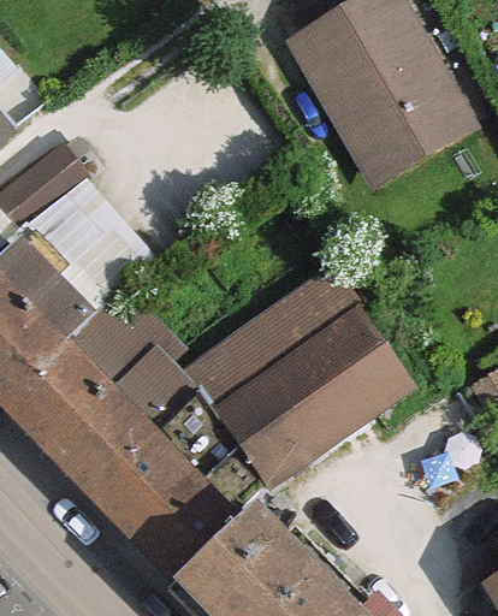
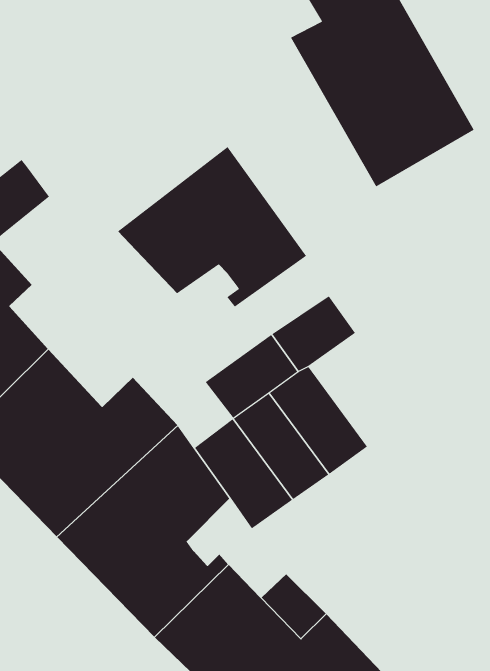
building: none -> [117,146,307,308]
building: [319,309,411,411] -> none

